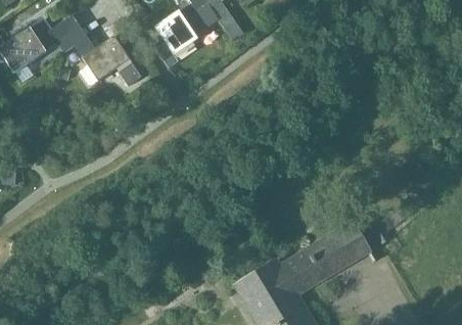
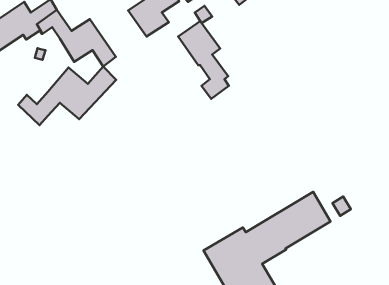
building: none -> [178,21,229,99]
building: none -> [18,67,116,125]

